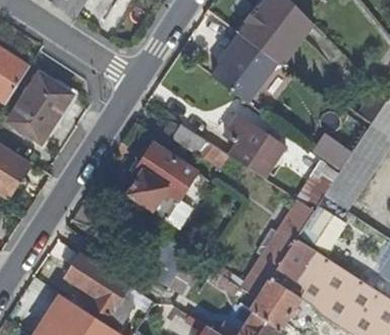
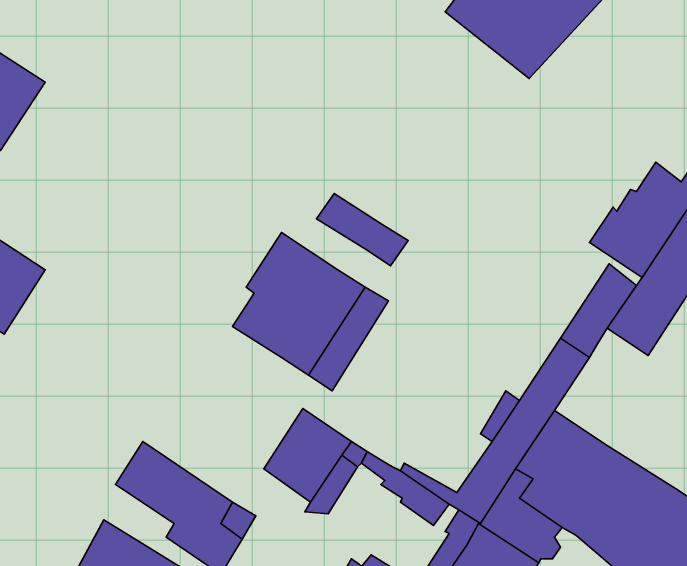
building: [216,30,282,102] -> none
building: [10,73,72,142] -> none
building: [224,113,285,177] -> none
building: [295,203,346,256] -> none

